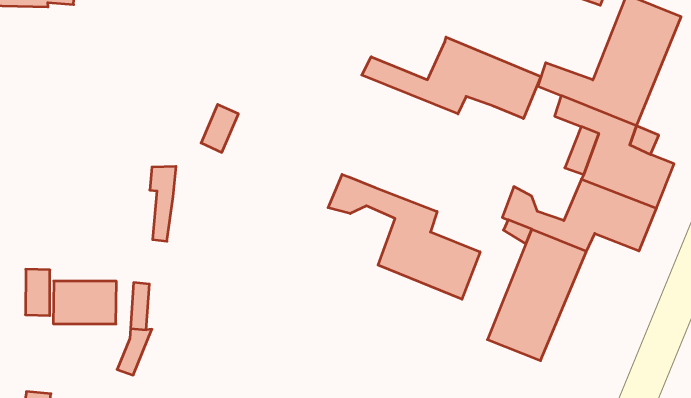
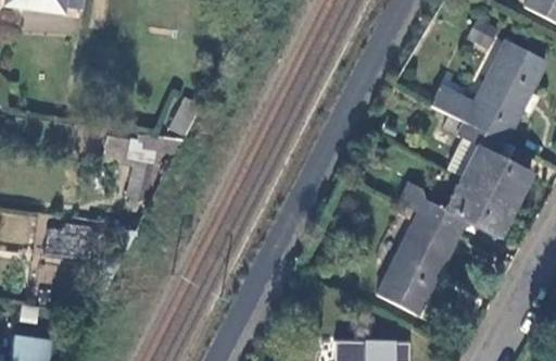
building: [362,37,541,119] -> none
building: [328,174,480,299] -> none

